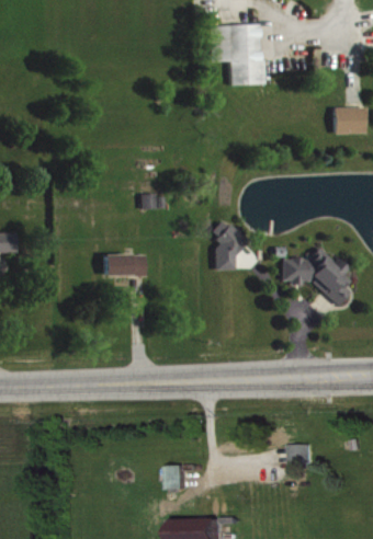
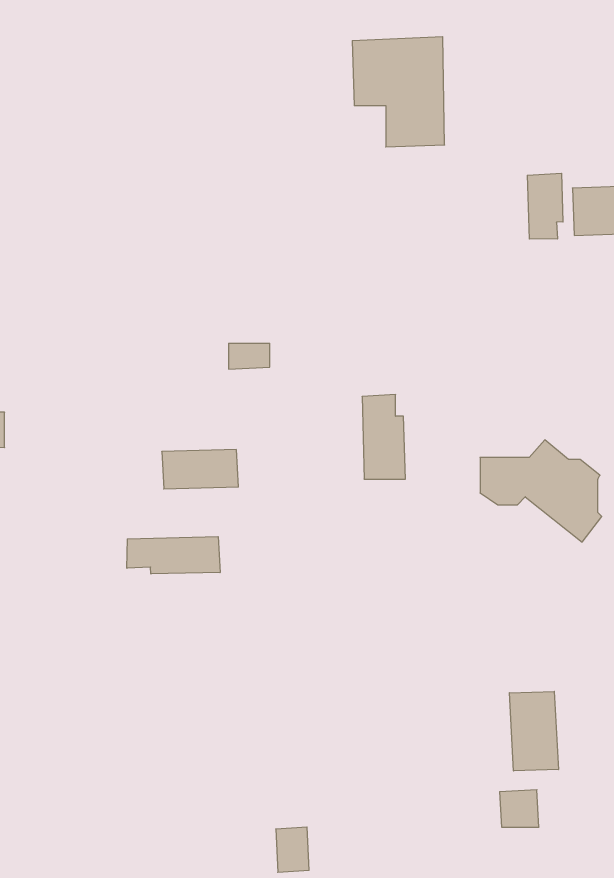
building: none -> [527,173,563,239]
building: none -> [127,537,220,574]
building: none -> [509,691,558,771]

